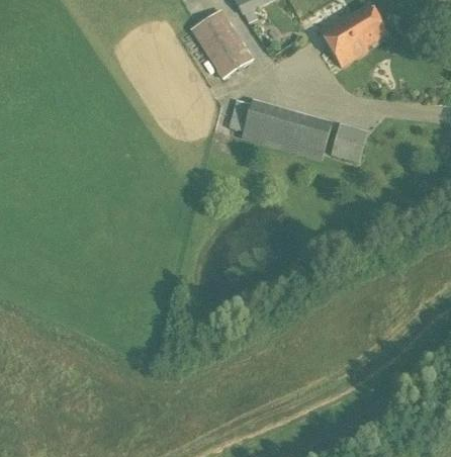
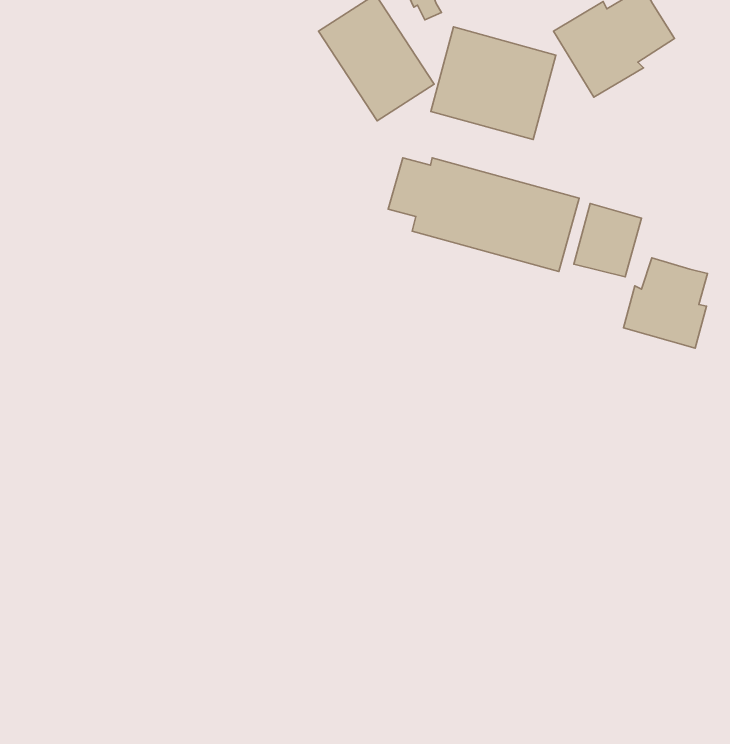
building: none -> [431,27,556,140]
building: none -> [623,258,707,348]

